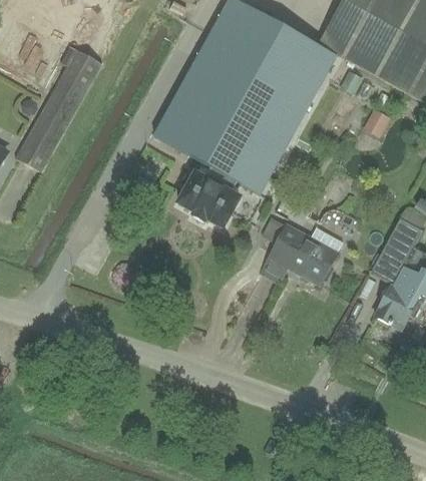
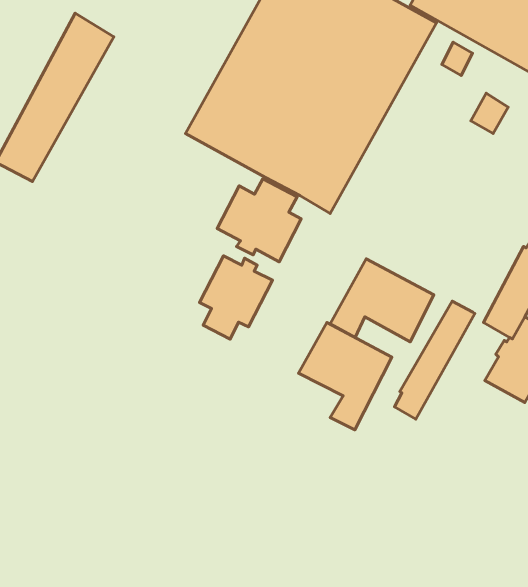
building: none -> [199,256,273,339]
building: none -> [394,301,475,419]
building: none -> [299,323,392,430]

